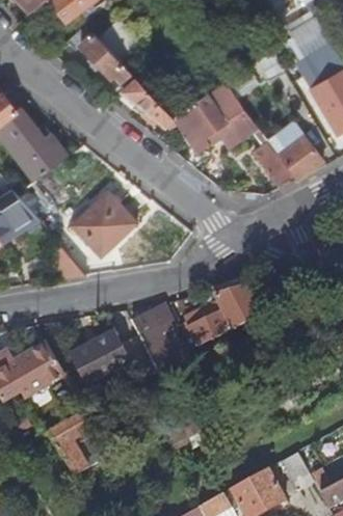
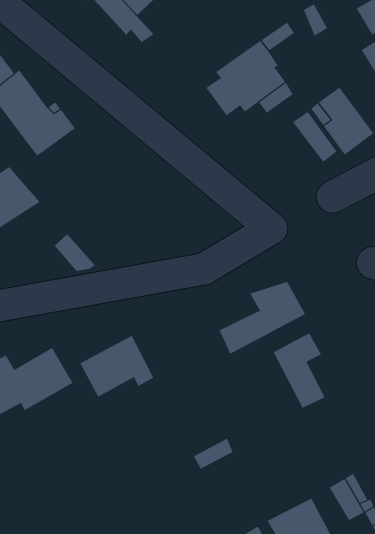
building: [117,76,172,124] -> none
building: [72,190,135,253] -> none
building: [131,304,176,369] -> [273,333,325,408]
building: [45,410,89,476] -> none

